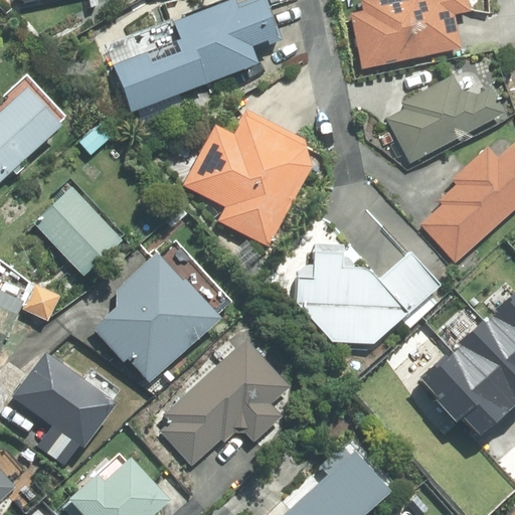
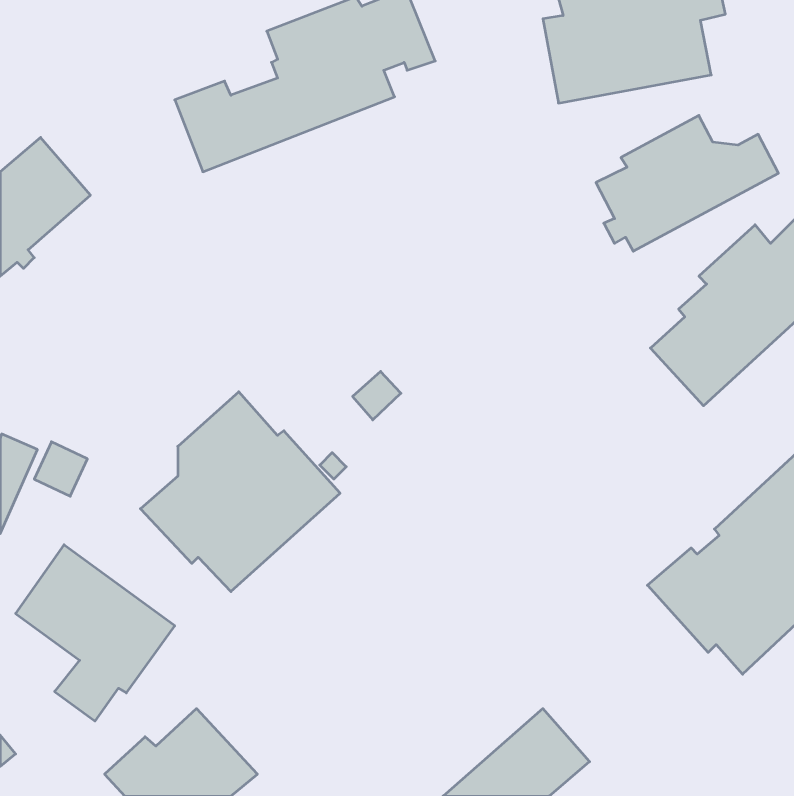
building: [183,110,307,244] -> none
building: [34,187,121,274] -> none
building: [296,241,440,343] -> none
building: [160,338,290,466] -> none

